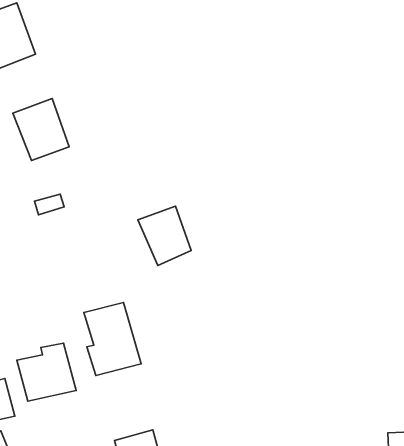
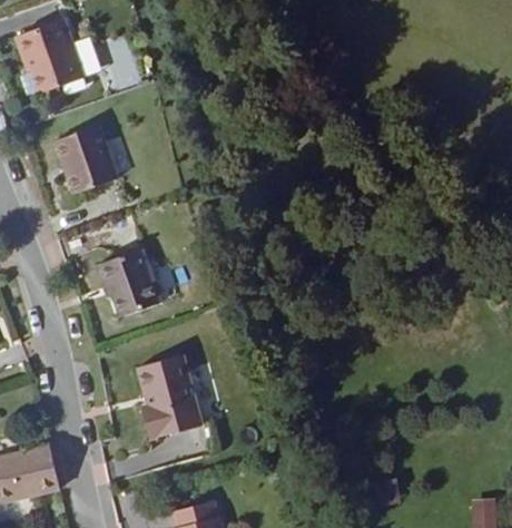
building: [138,206,191,265] -> [102,248,163,315]
building: [17,343,76,401] -> none

